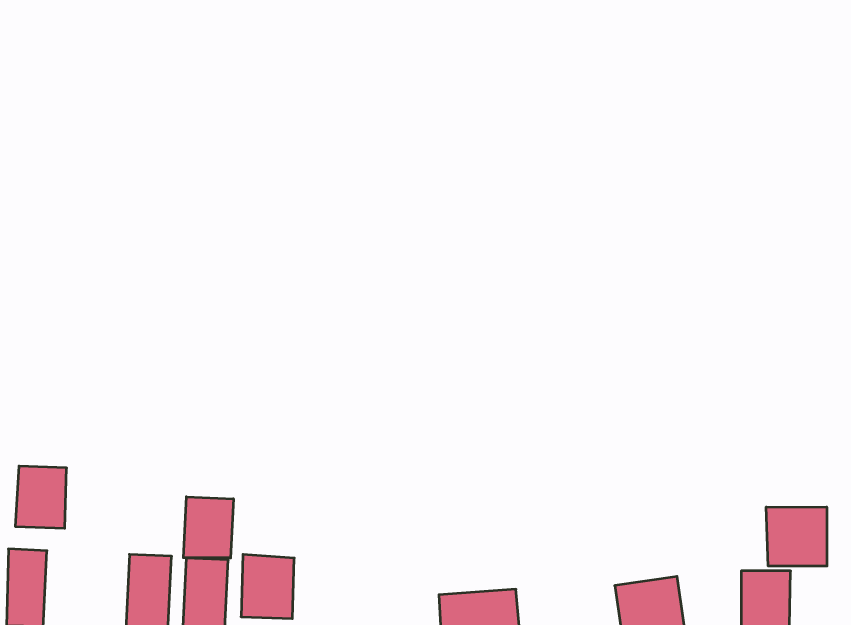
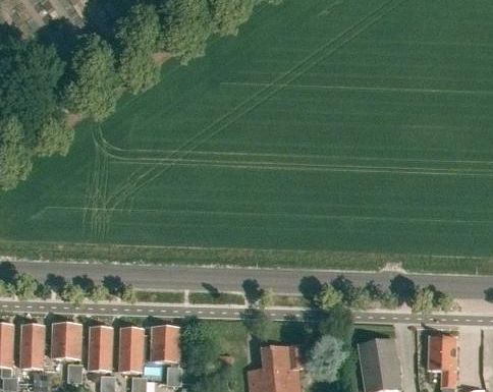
building: [15,466,67,528] -> [51,324,79,358]
building: [183,497,233,558] -> none
building: [766,507,827,566] -> none

